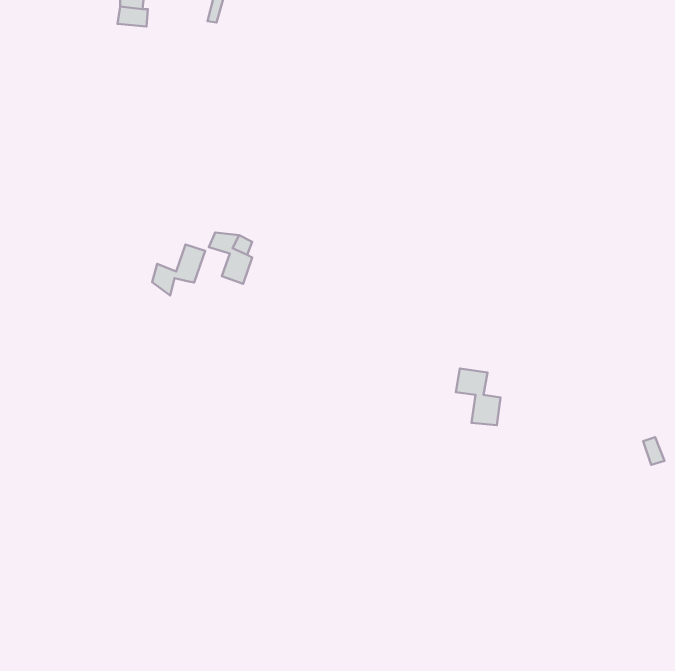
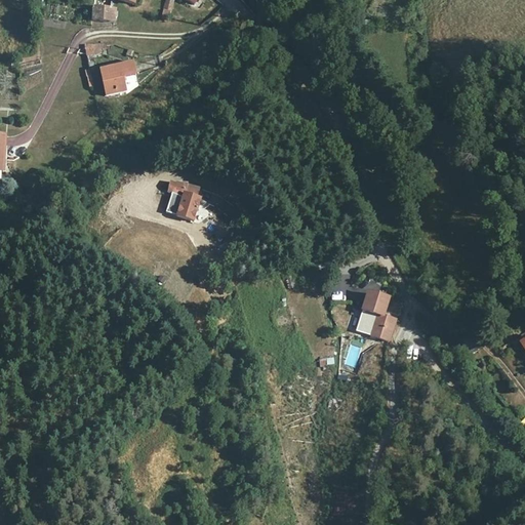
building: none -> [102,60,136,93]
building: [152,245,205,295] -> none

